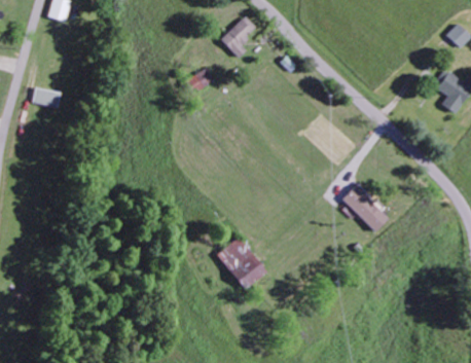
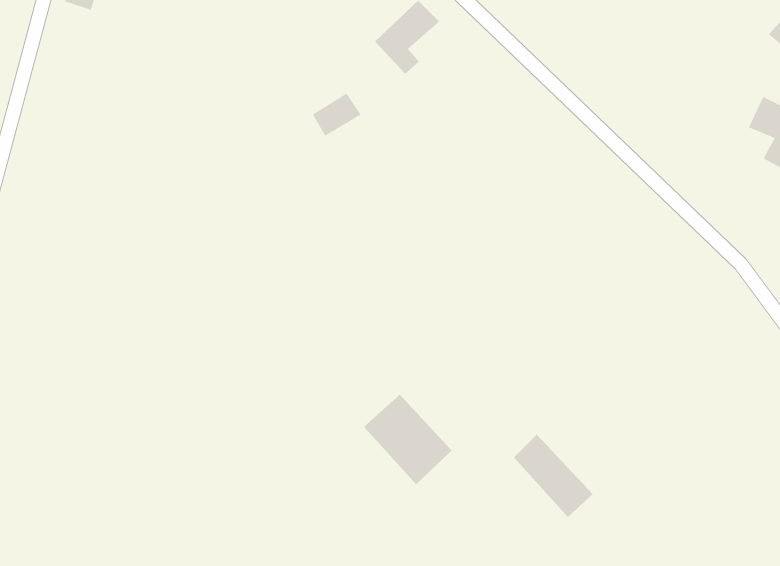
building: [32,87,59,107] -> none
building: [342,185,388,232] -> [513,434,593,518]

